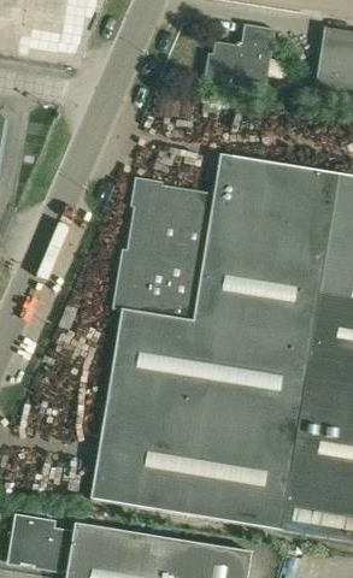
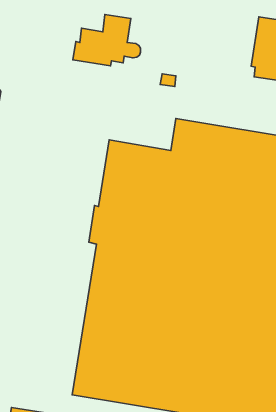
building: [204,23,288,87] -> [73,14,141,66]

